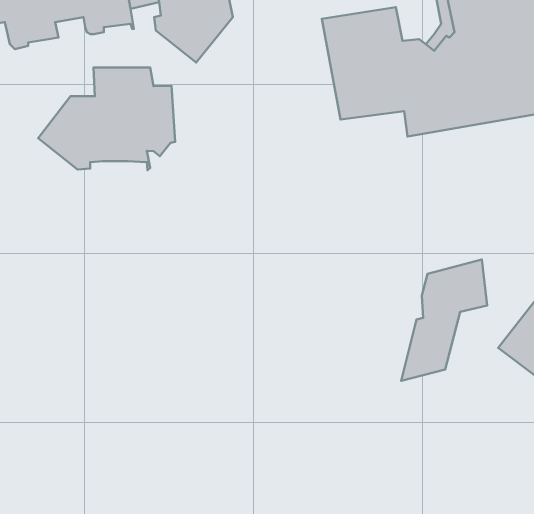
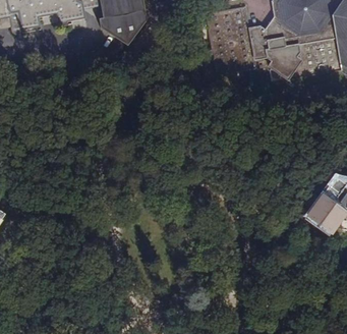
building: [38,67,175,170] -> none
building: [401,260,487,381] -> none

